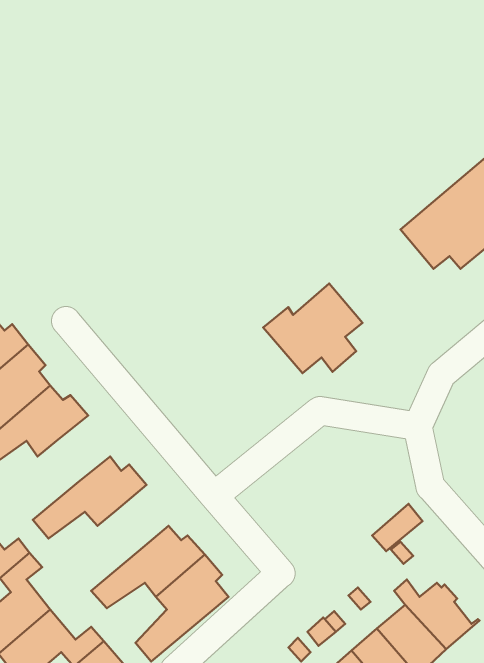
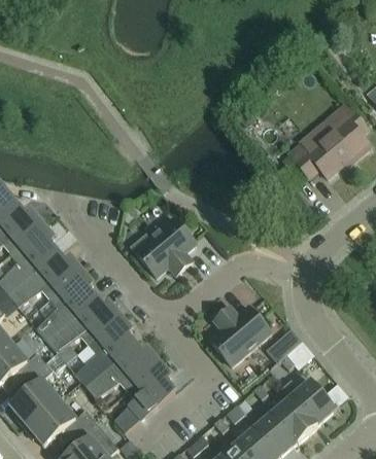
building: [263,283,362,373] -> [131,217,196,276]
building: none -> [37,272,98,340]
building: none -> [210,307,271,365]
building: none -> [75,317,136,386]

